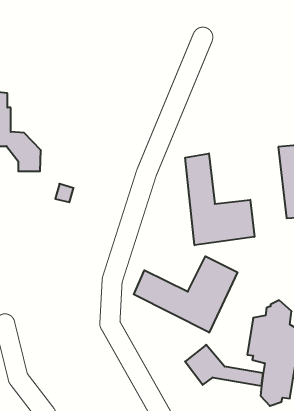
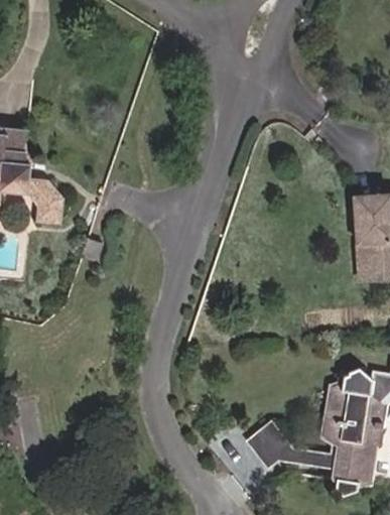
building: [185,153,254,245] -> none
building: [134,256,237,333] -> none

